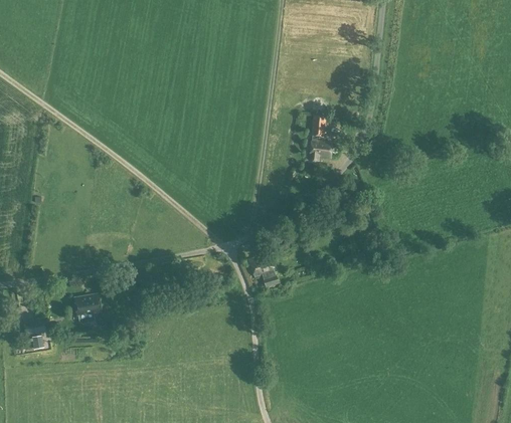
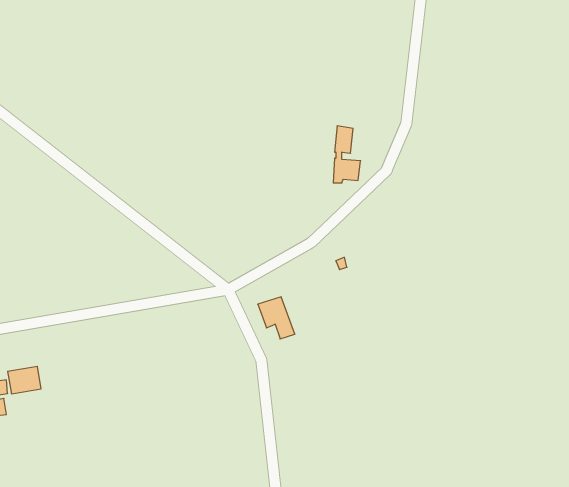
building: [75,294,103,316] -> [8,366,41,394]

